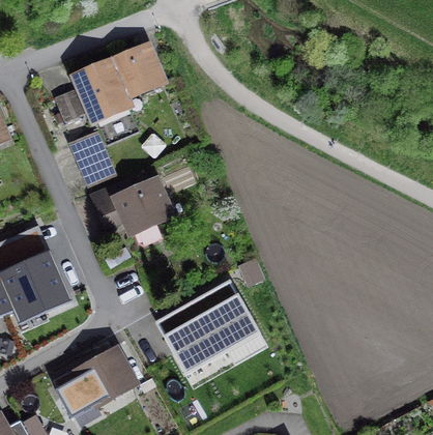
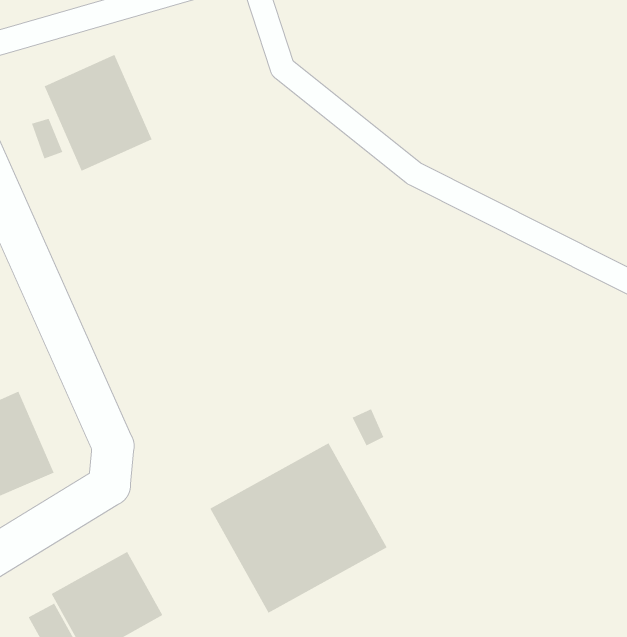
building: [111,41,162,96] -> none
building: [70,133,116,187] -> none
building: [93,174,173,236] -> none

